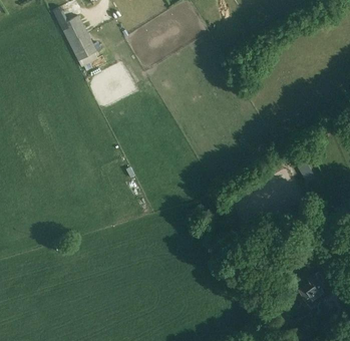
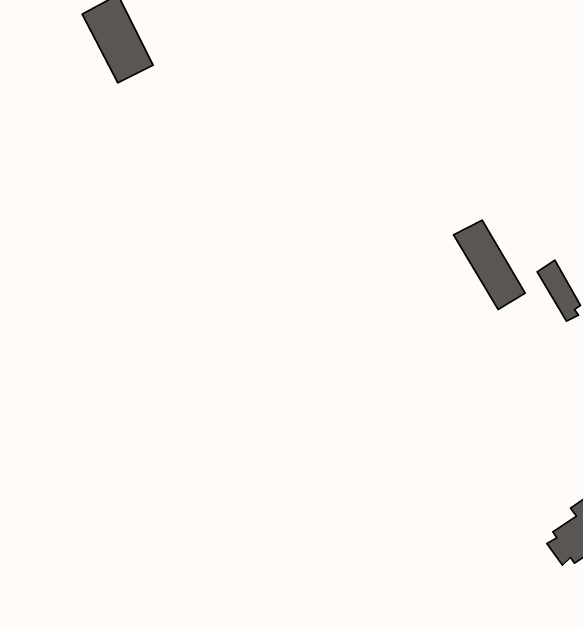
building: none -> [454,220,525,309]

